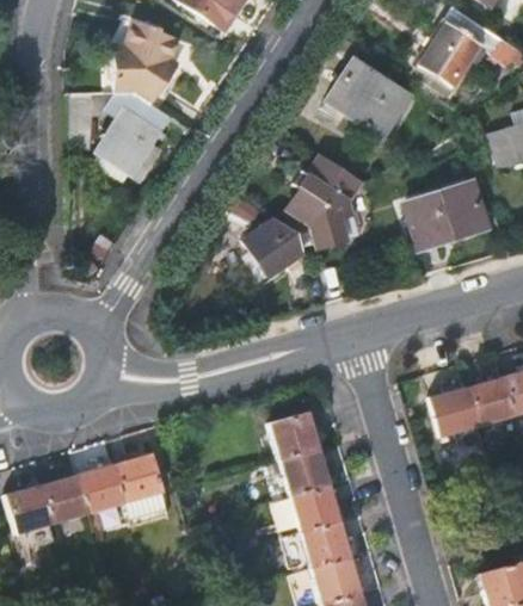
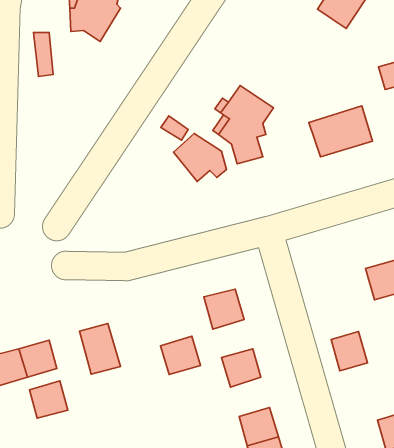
building: [318,66,404,148] -> none
building: [90,94,168,188] -> none
building: [439,384,484,432] -> [331,332,367,371]
building: [287,446,336,493] -> [160,336,201,374]
building: [87,460,134,506] -> [29,381,68,418]
building: [308,517,356,564] -> none

